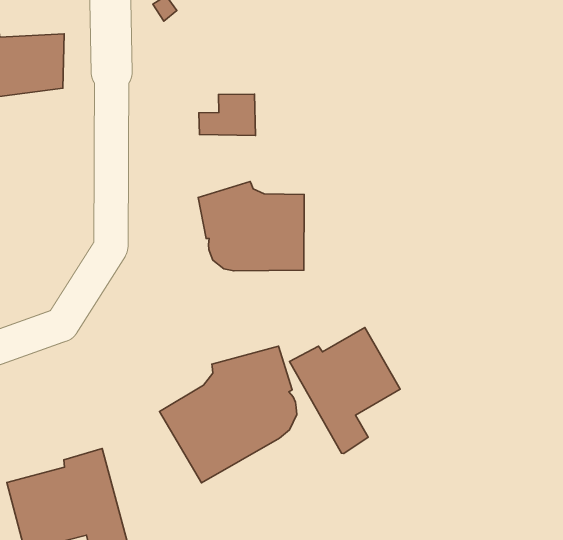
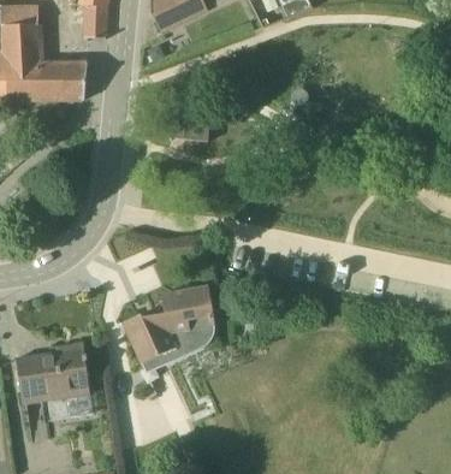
building: [198,181,304,271] -> none
building: [289,328,400,453] -> none

